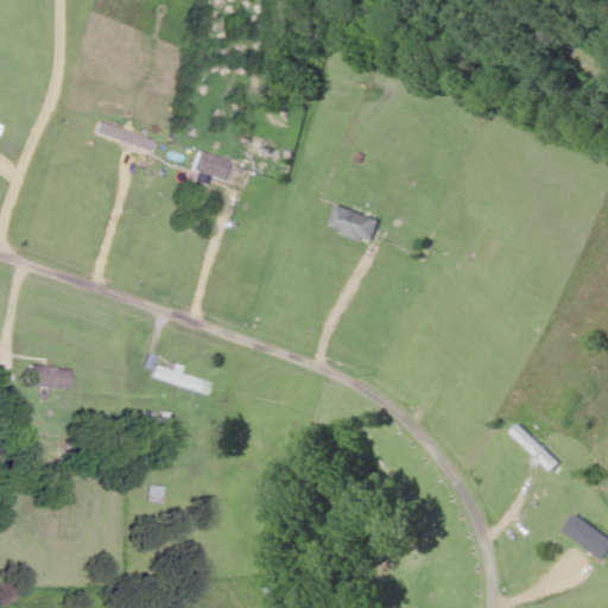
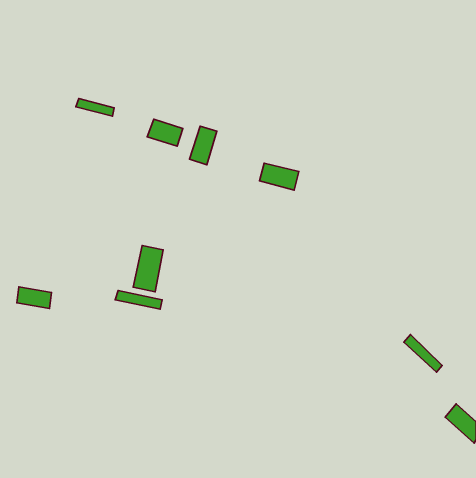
building: none -> [190,126,217,165]
building: none -> [133,246,163,292]

